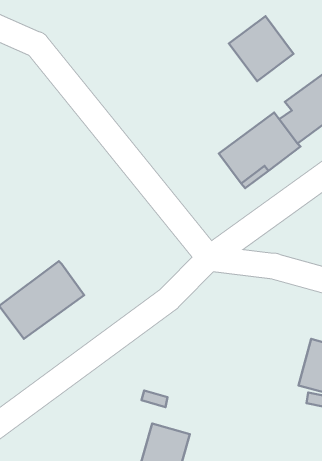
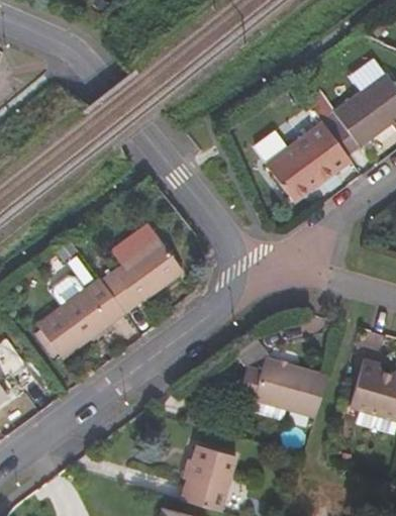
building: [229,16,294,81] -> none
building: none -> [102,223,185,312]
building: none -> [238,356,328,415]

